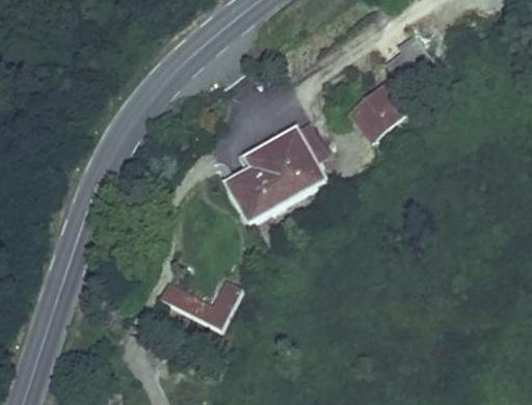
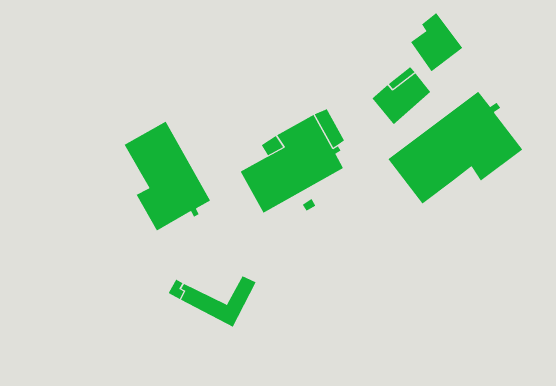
building: none -> [388,91,523,205]
building: none -> [124,121,211,232]

